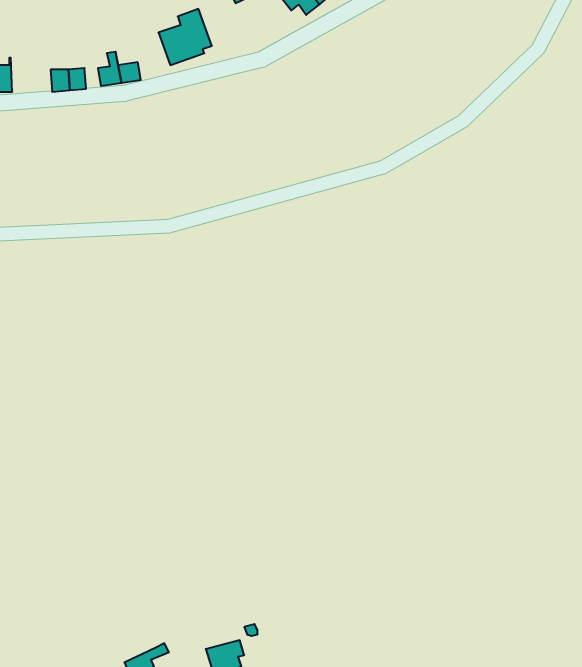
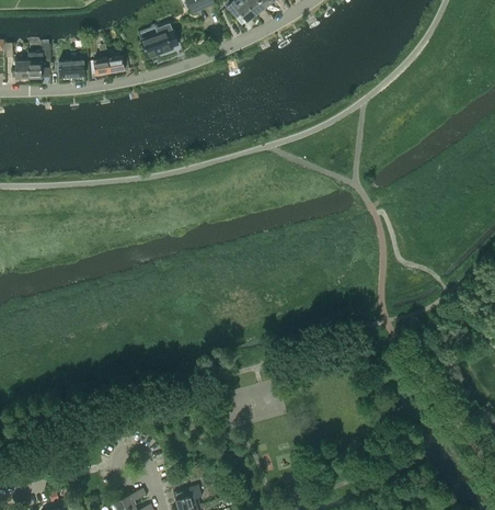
building: none -> [28,43,49,78]

